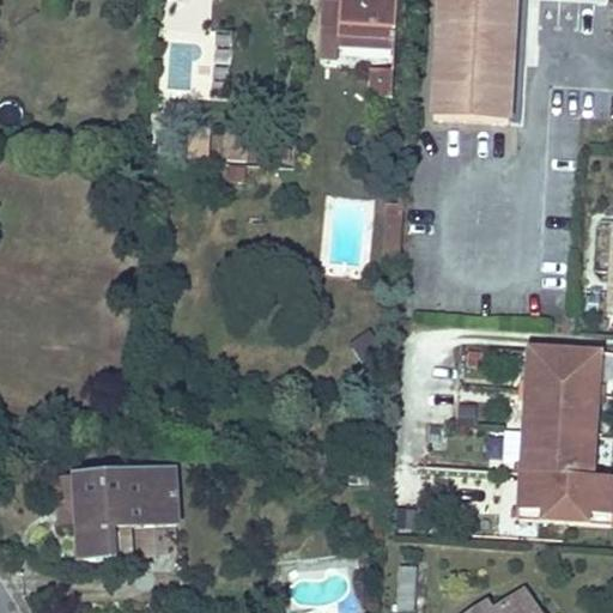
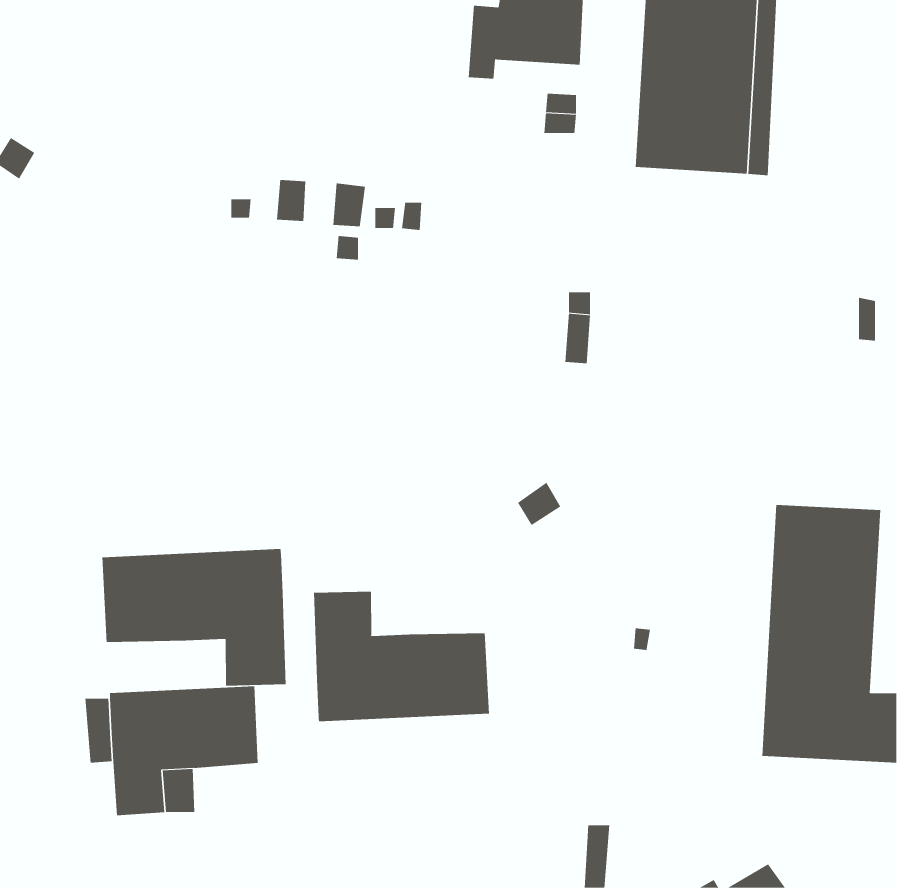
building: none -> [102,548,286,687]
building: none -> [314,591,489,722]

